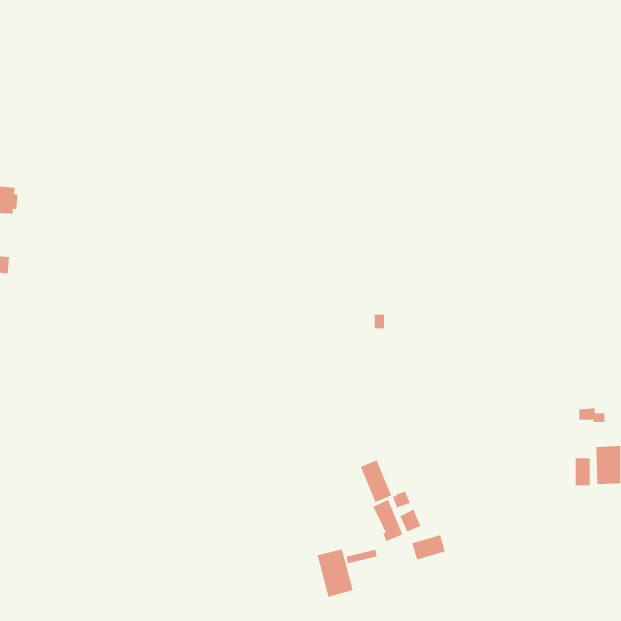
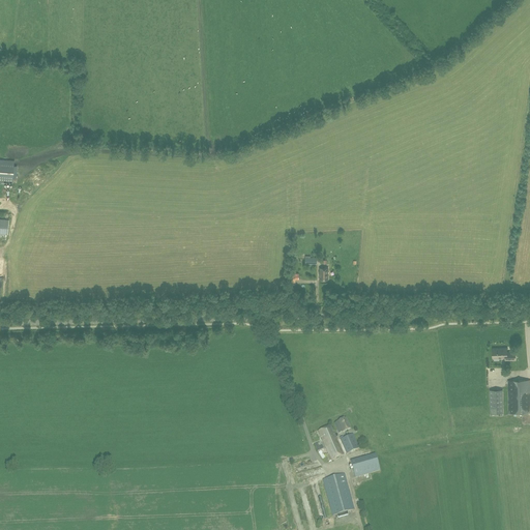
building: [360,459,392,503] -> none
building: [317,549,353,598] -> [322,473,353,514]

